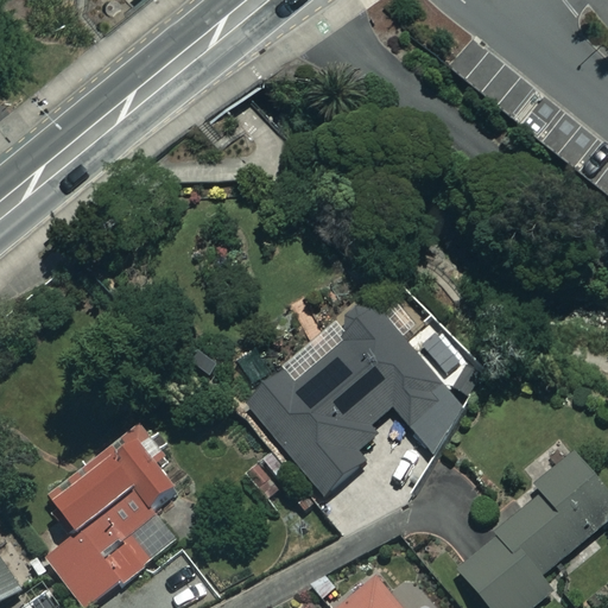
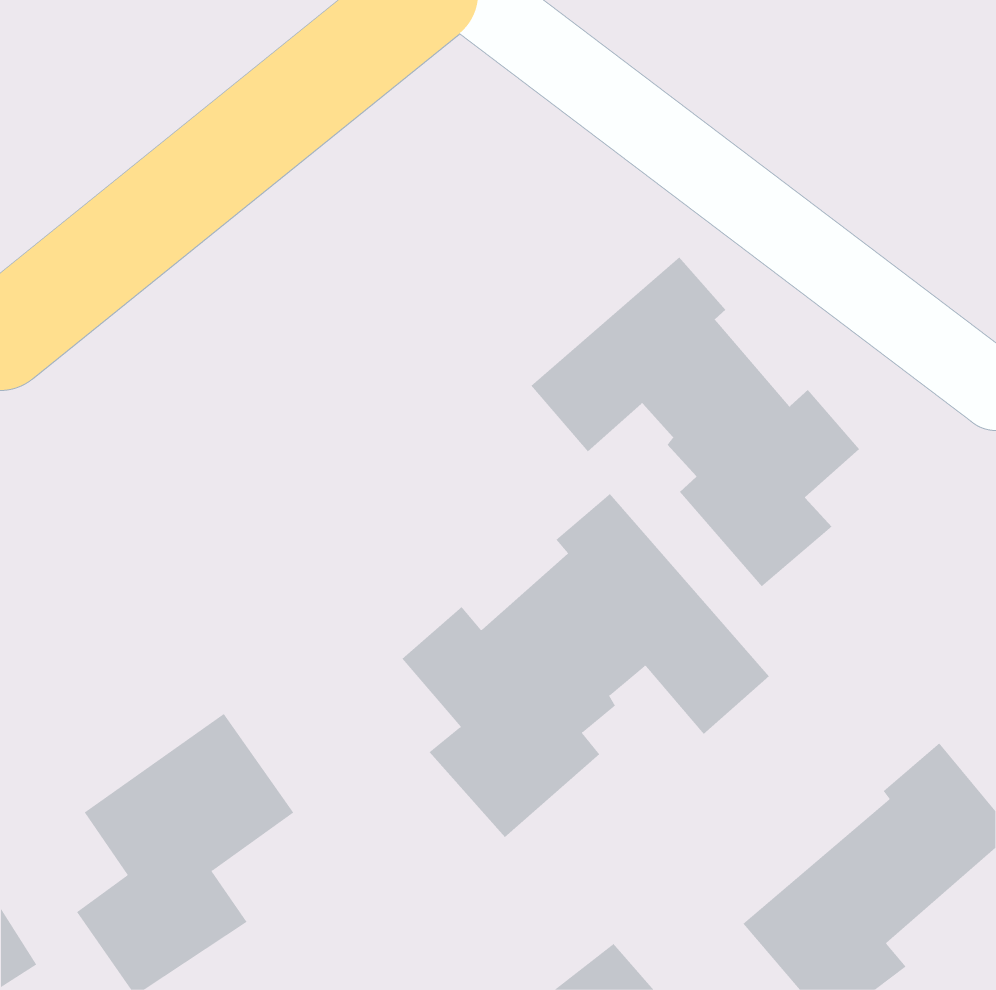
building: none -> [530,256,860,587]

